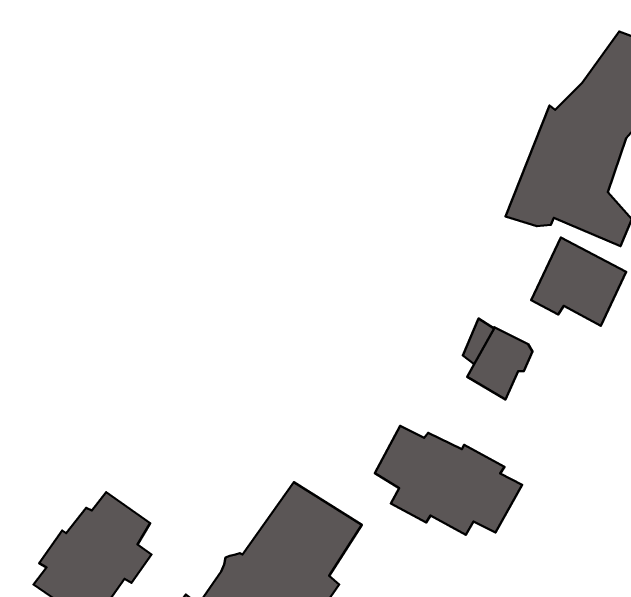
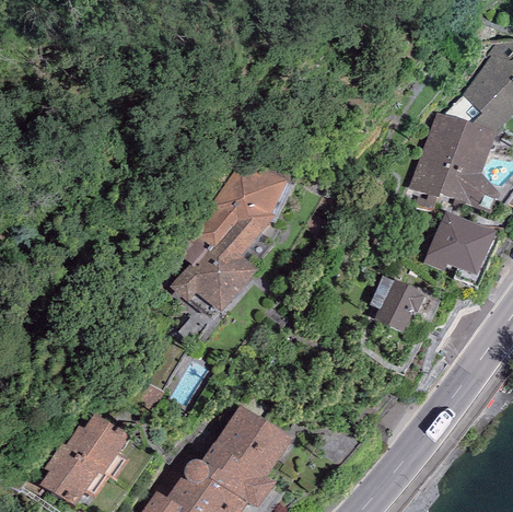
building: none -> [170,160,288,318]
building: [375,426,522,535] -> none

